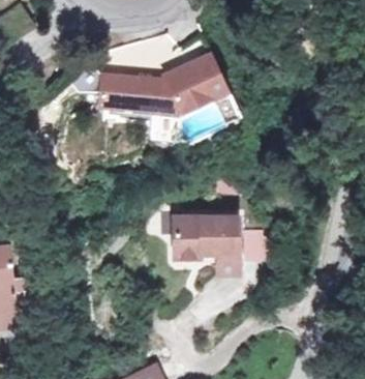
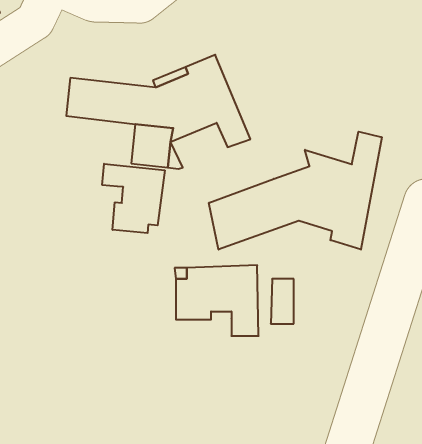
building: none -> [209,132,382,250]
building: none -> [102,164,165,233]

